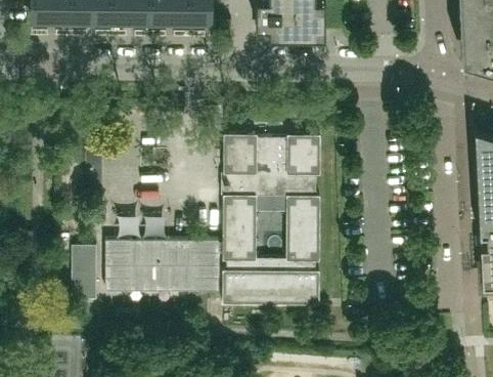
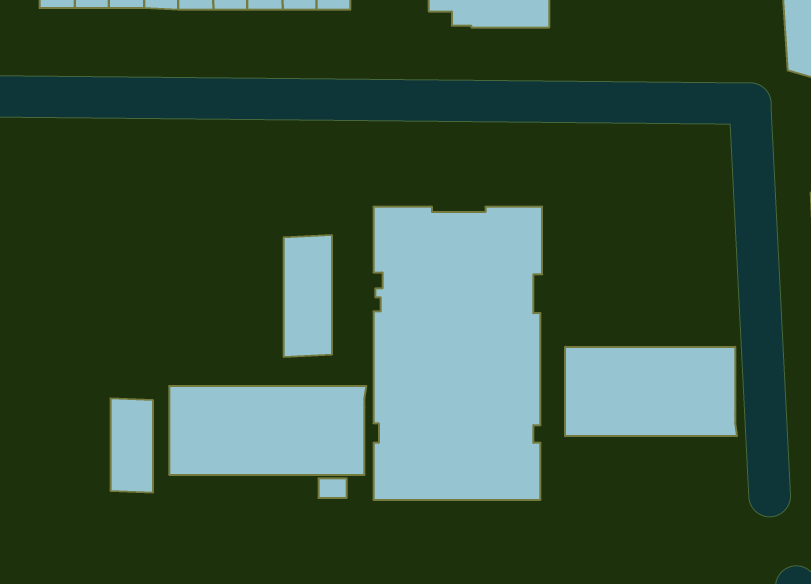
building: none -> [284,235,332,357]
building: none -> [565,347,737,436]

